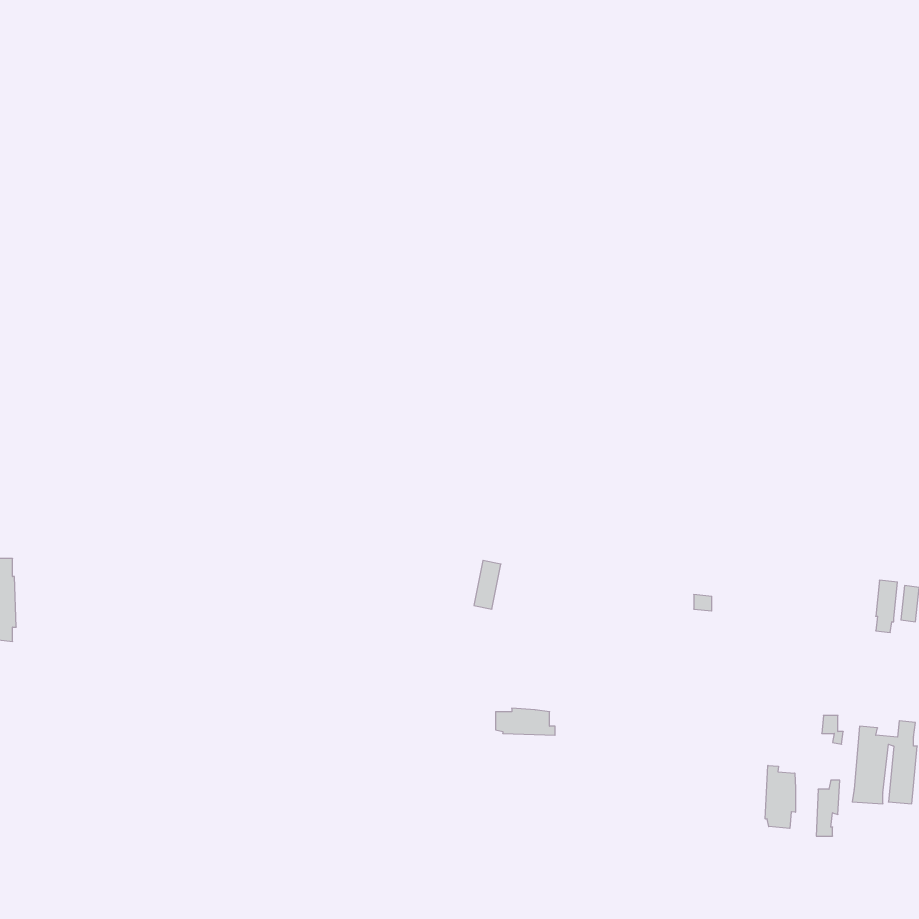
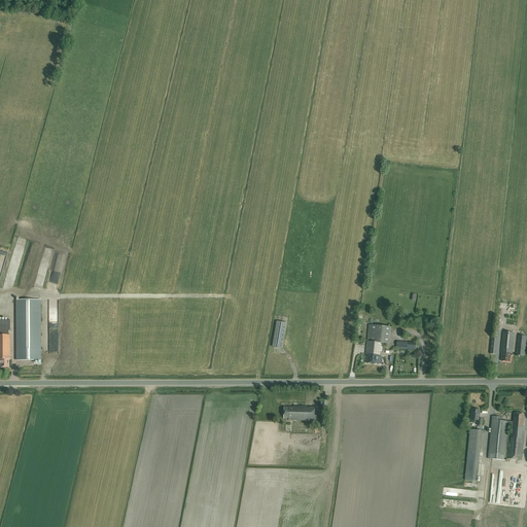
building: none -> [14,298,40,354]
building: none -> [364,324,386,362]
building: [765,765,796,828] -> none

